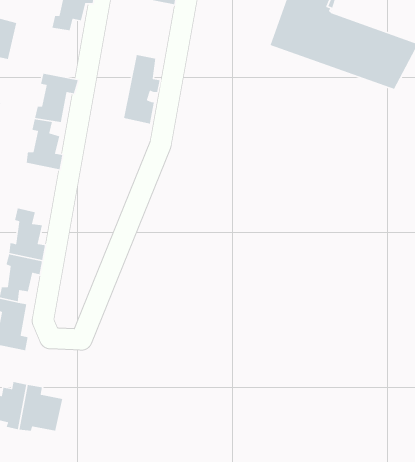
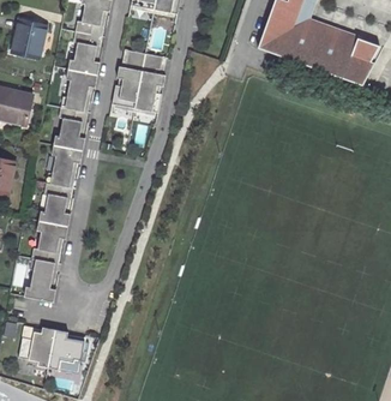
building: none -> [68,32,101,76]
building: none -> [113,50,146,108]
building: none -> [47,145,83,187]

